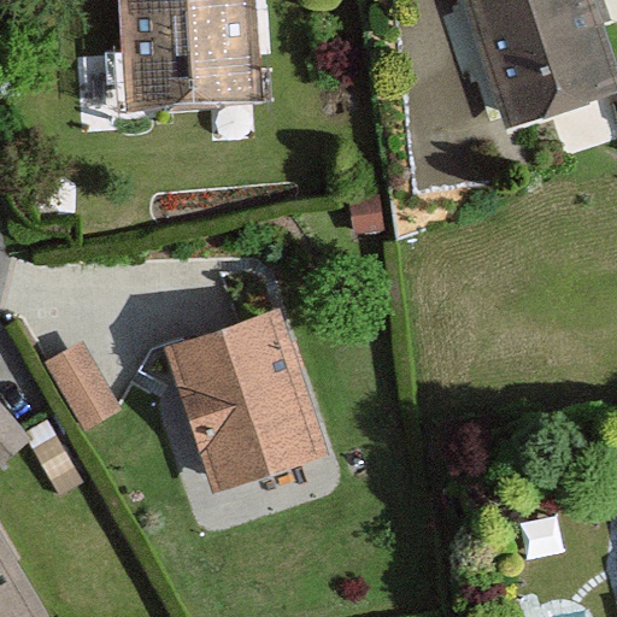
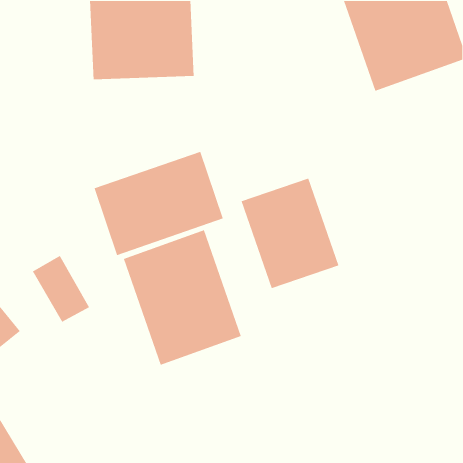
building: none -> [94,151,224,256]
building: none -> [241,178,340,289]

